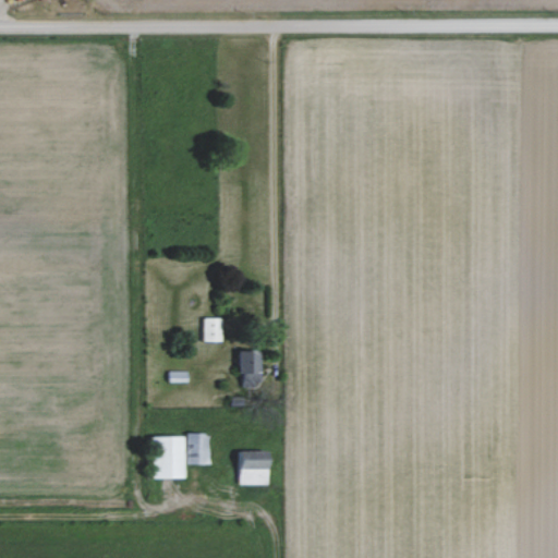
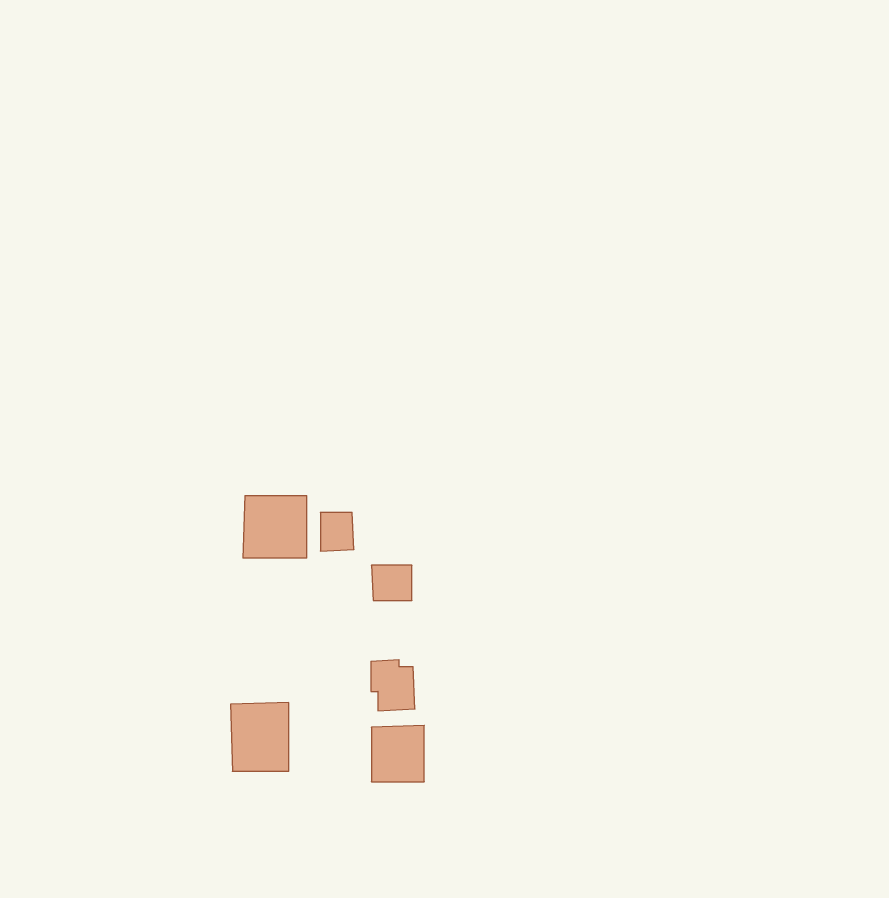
building: none -> [243,496,307,558]
building: [187,433,215,464] -> [371,660,415,711]

